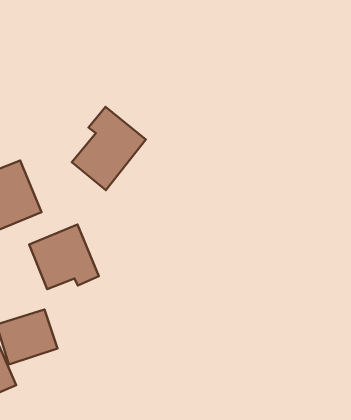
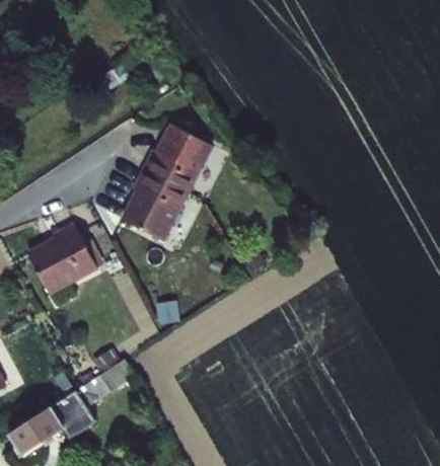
building: none -> [143,119,211,187]
building: [29,224,99,289] -> none

